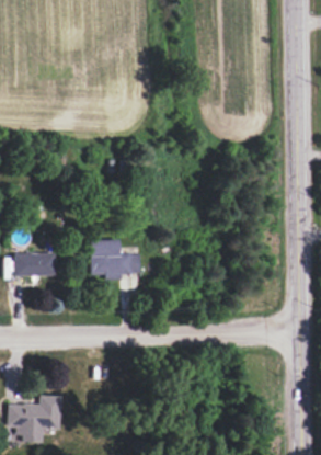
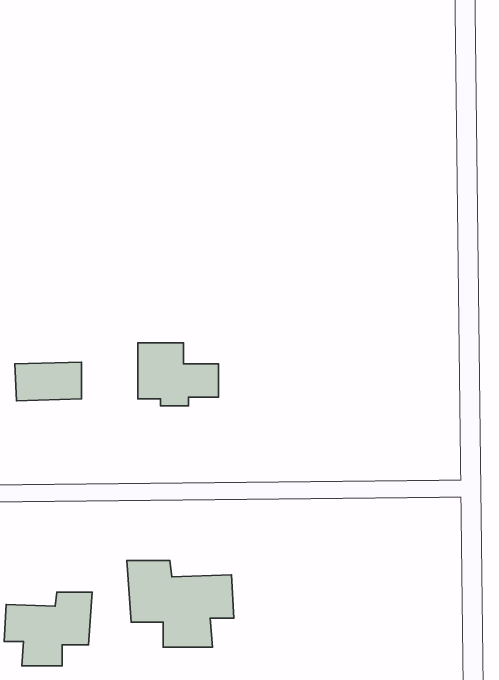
building: none -> [127,560,234,647]

